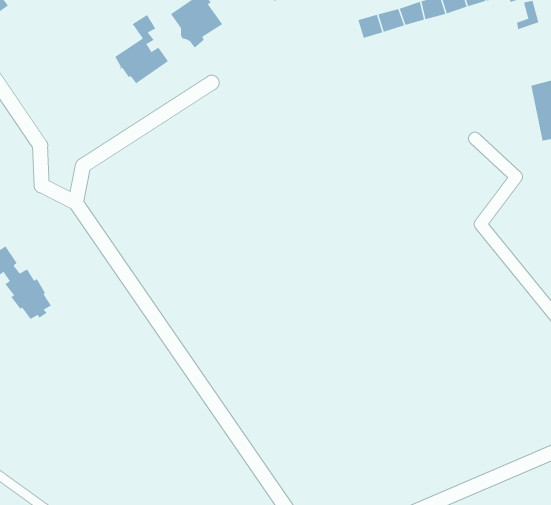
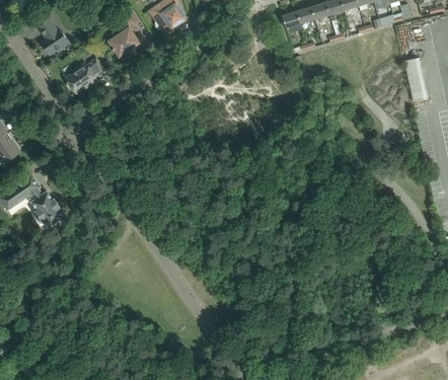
building: none -> [38,18,69,55]
building: none -> [66,59,105,93]

